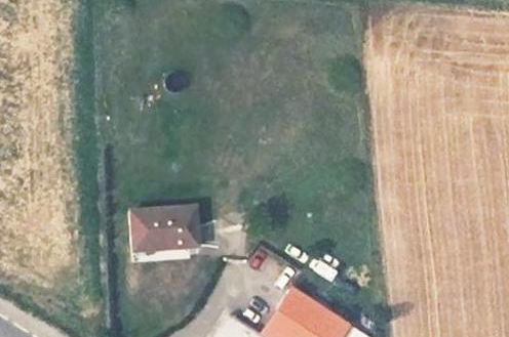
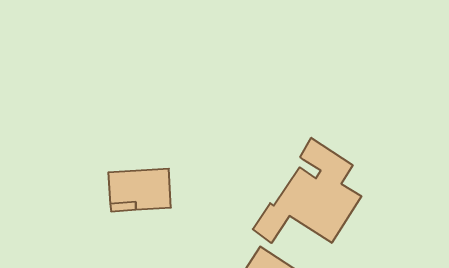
building: none -> [253,138,361,243]

